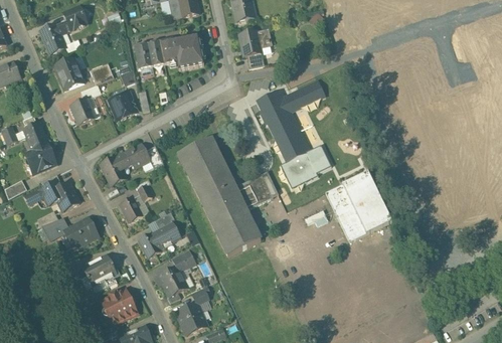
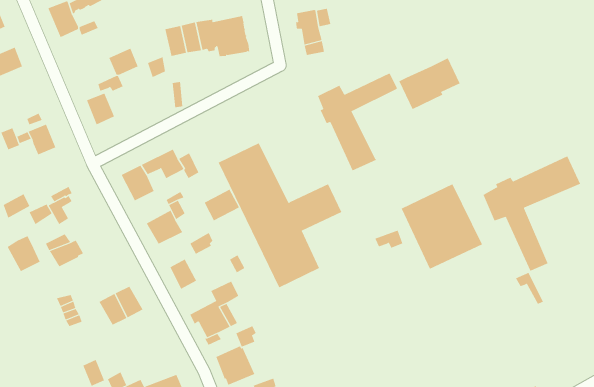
building: [55,57,83,89] -> none
building: [109,92,137,118] -> none
building: [24,142,56,172] -> none
building: [281,145,331,187] -> [398,57,461,110]
building: none -> [482,156,581,272]
building: [52,181,79,210] -> [7,236,40,272]
building: [65,217,98,247] -> none
building: [152,221,181,247] -> [204,189,240,221]
building: [100,288,139,326] -> none

